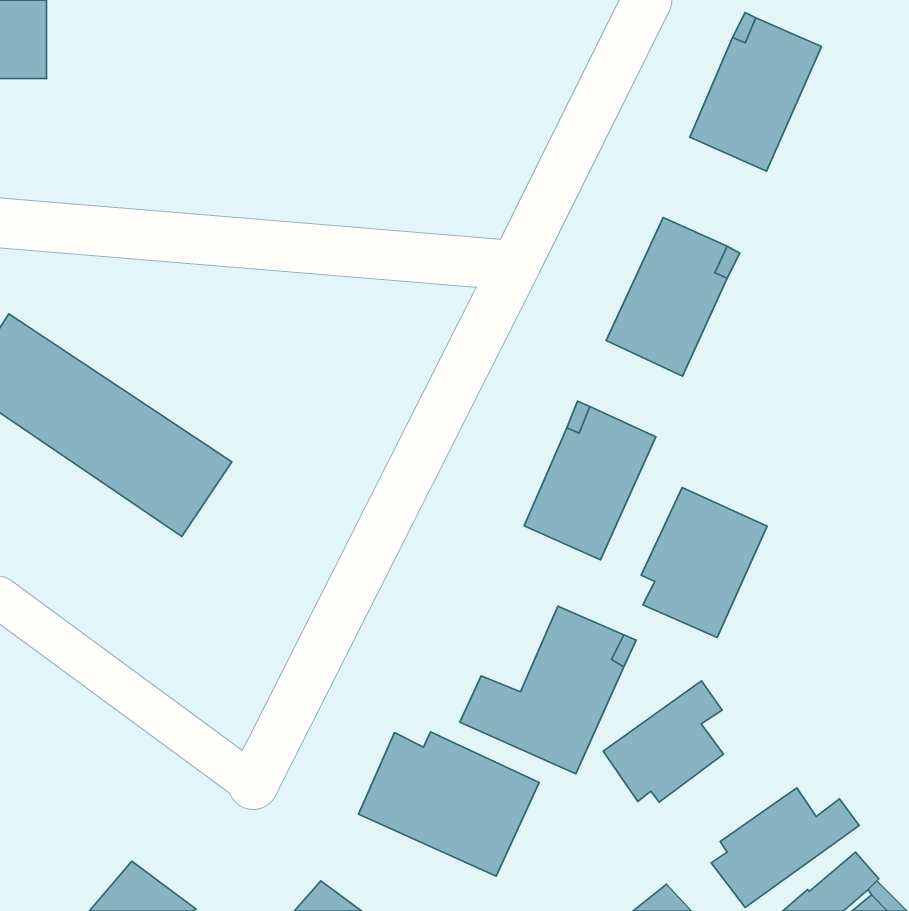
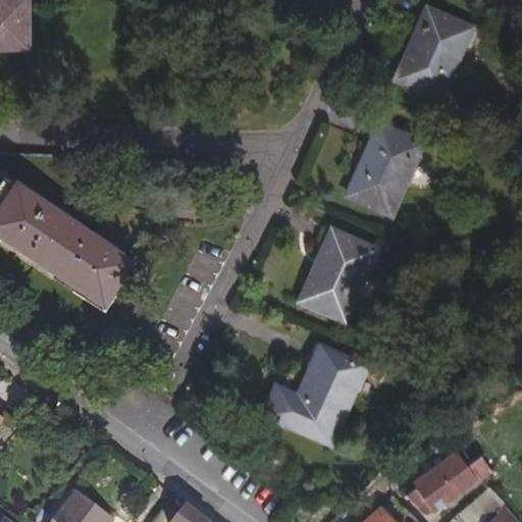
building: [641,487,767,638] -> none
building: [603,681,724,802] -> none
building: [358,732,539,876] -> none

